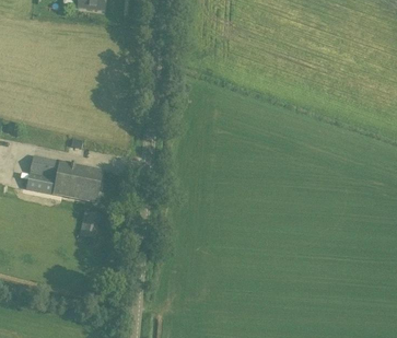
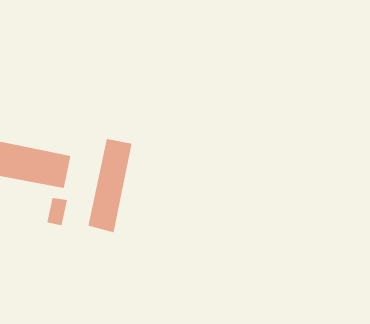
building: none -> [88,138,132,233]

